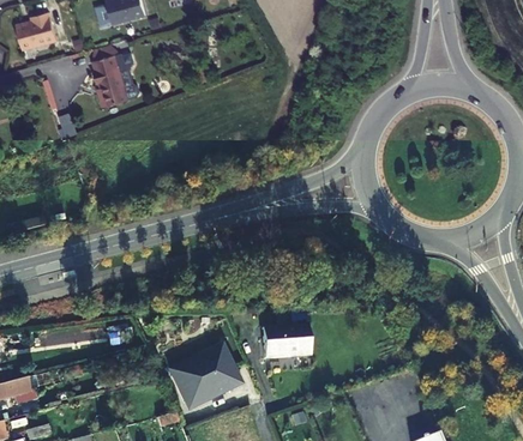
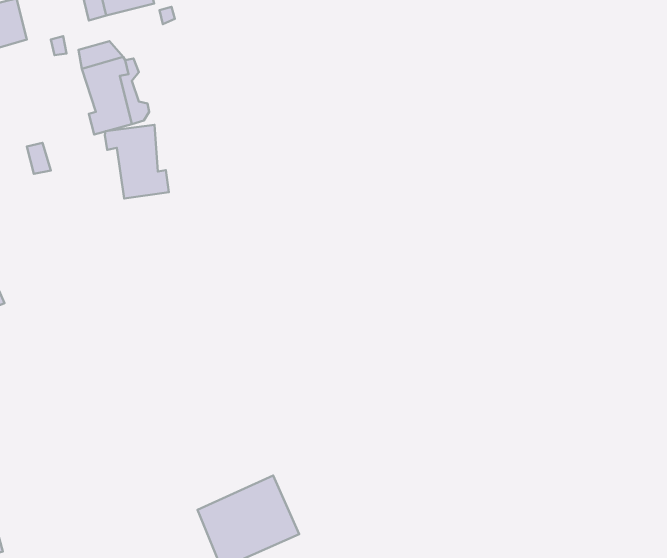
building: none -> [105,125,169,199]
building: [266,326,313,361] -> none

